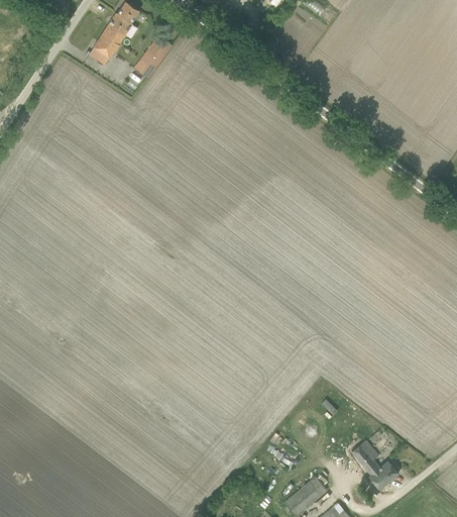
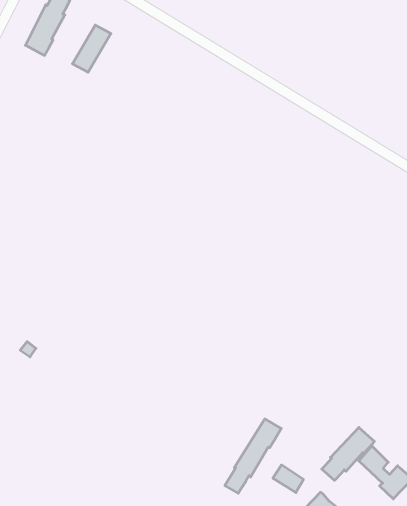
building: none -> [225,419,281,493]
building: none -> [322,427,374,480]

